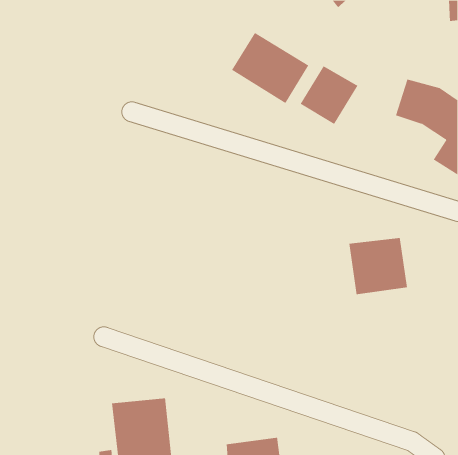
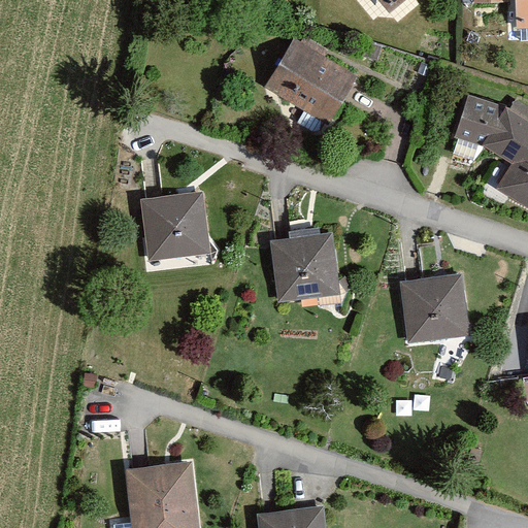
building: [300,65,358,125] -> none
building: none -> [142,193,208,258]
building: none -> [271,232,340,301]

